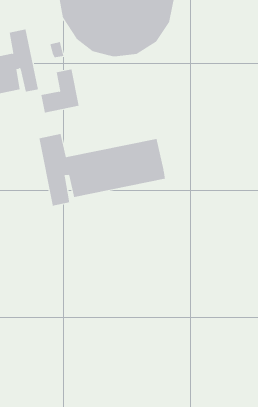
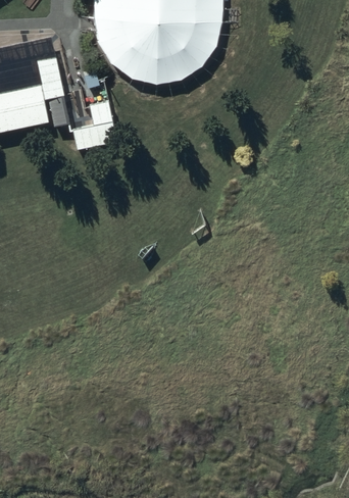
building: [39,133,165,206] -> none

